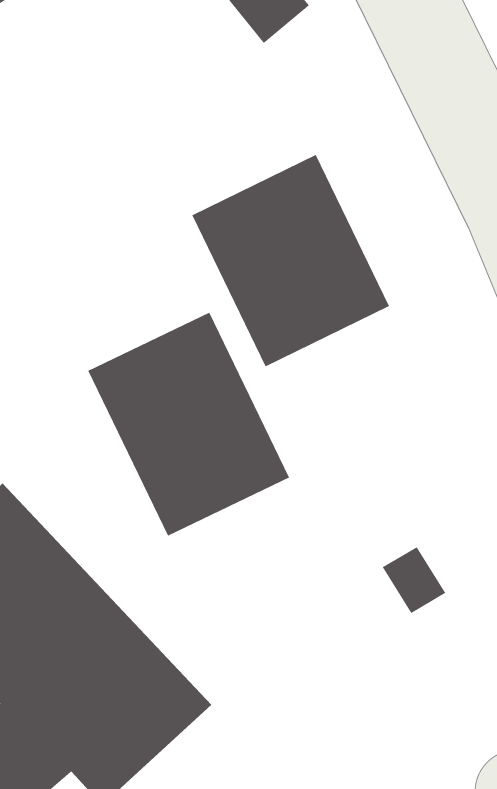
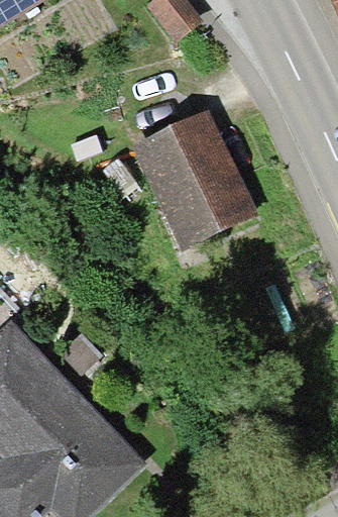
building: [88,312,290,536] -> none

